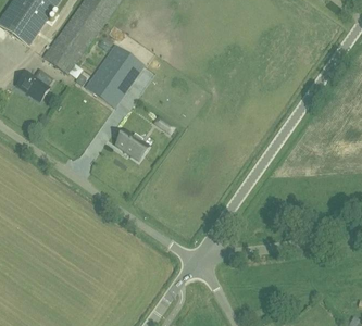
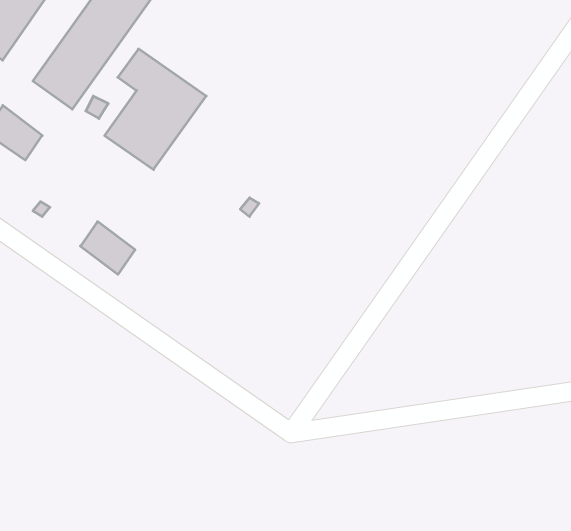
building: [116,129,148,160] -> [80,222,135,274]

